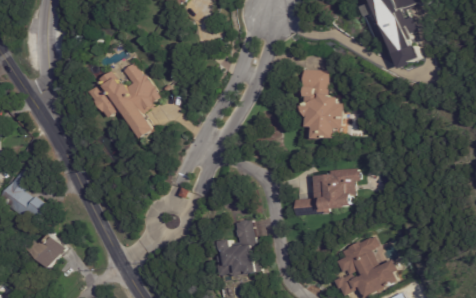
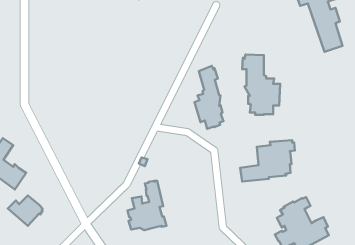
building: [89,64,160,140] -> none
building: none -> [194,66,223,129]
building: [215,218,260,275] -> [128,181,167,230]

